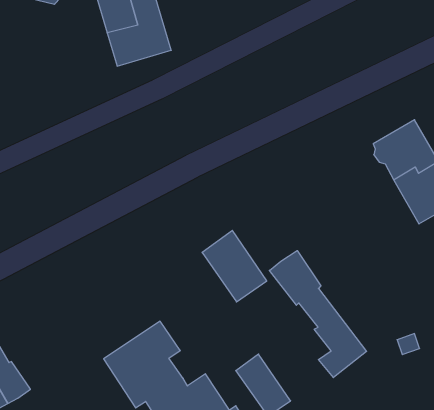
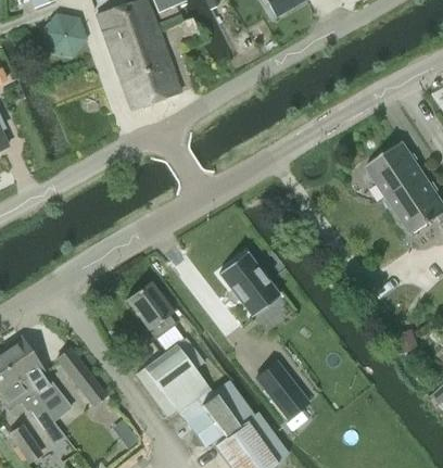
building: [269,251,367,378] -> none
building: none -> [126,280,176,338]
building: none -> [69,364,106,405]

